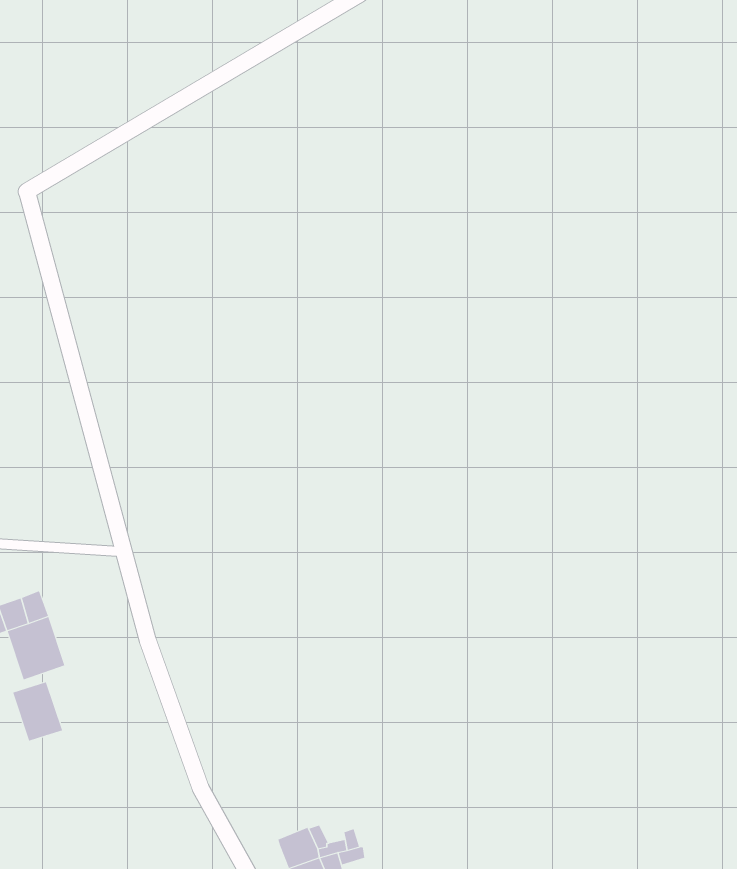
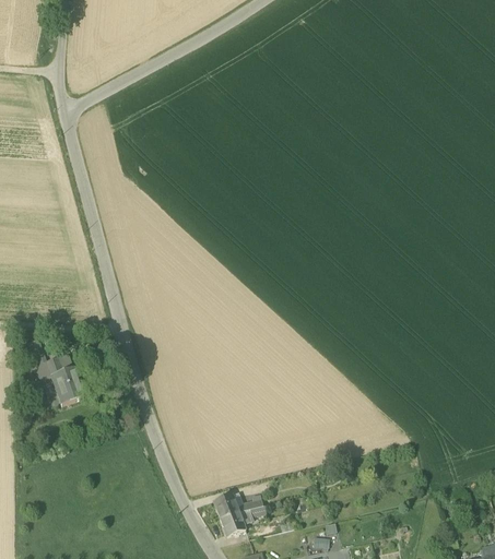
building: [12,682,63,742] -> none

